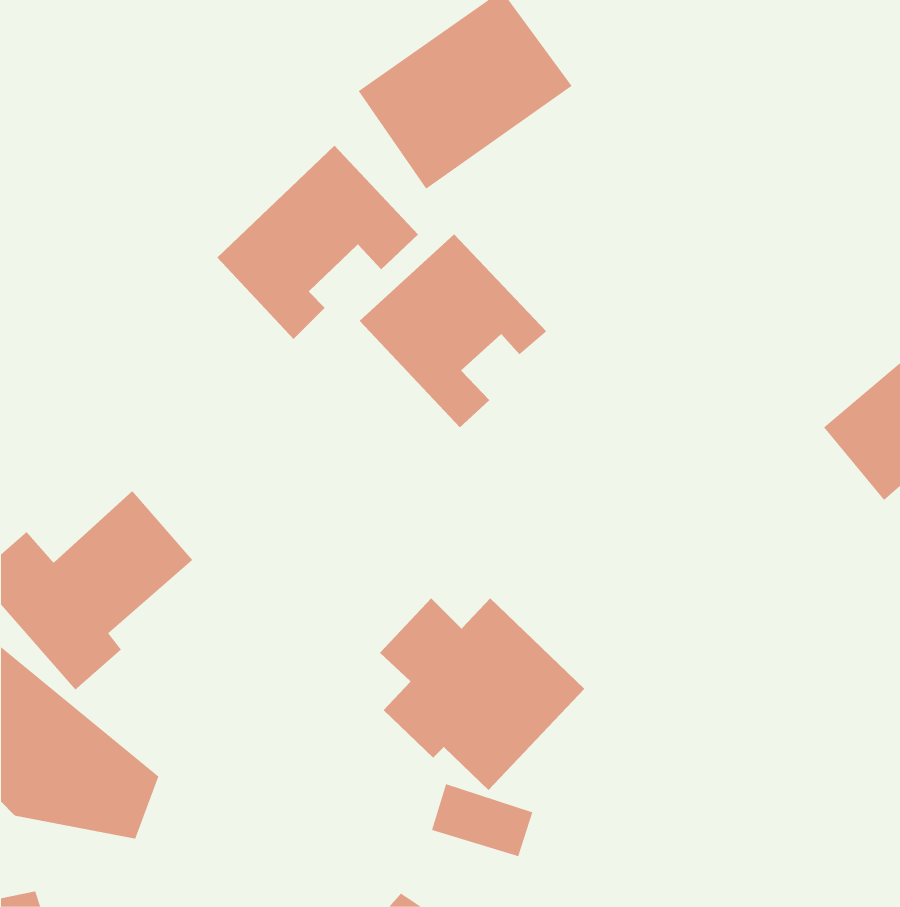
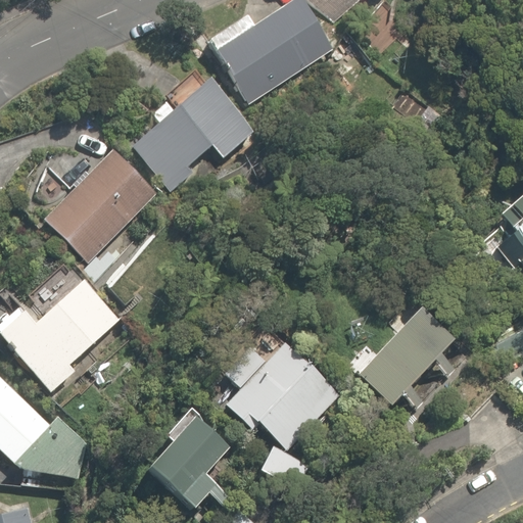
building: [359,233,547,428] -> none
building: none -> [46,153,154,264]
building: none -> [359,300,459,406]
building: none -> [134,401,233,511]

